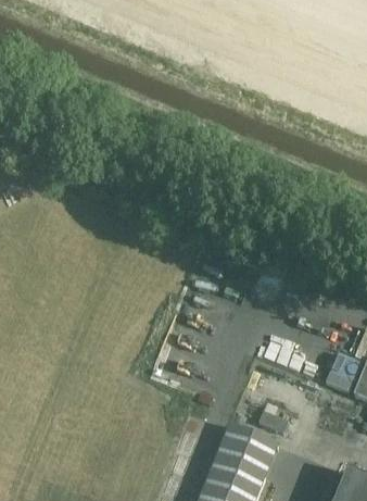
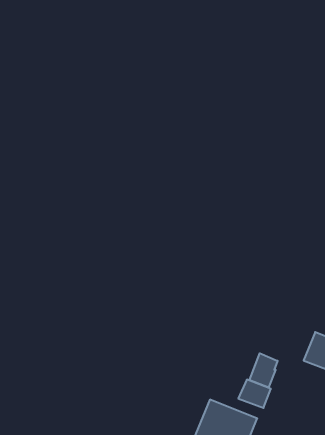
building: none -> [249,353,278,388]

